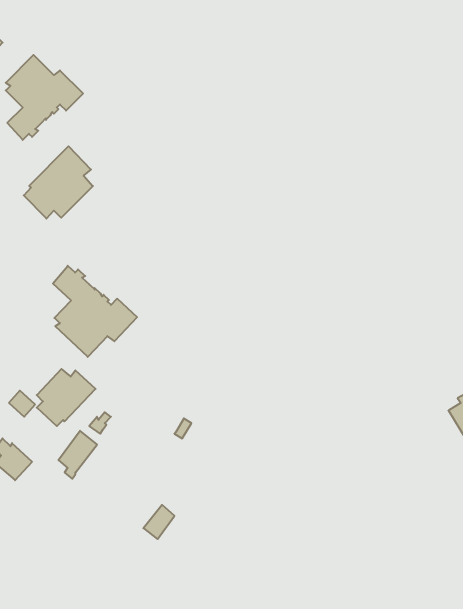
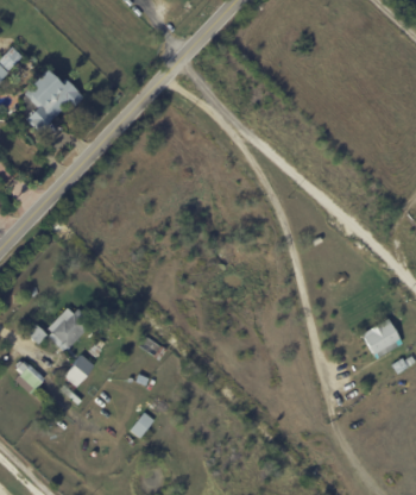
building: [24,146,93,219] -> none
building: [53,266,137,357] -> none

